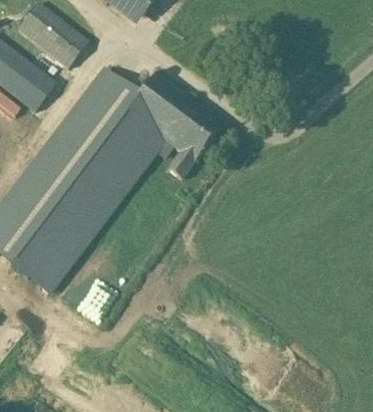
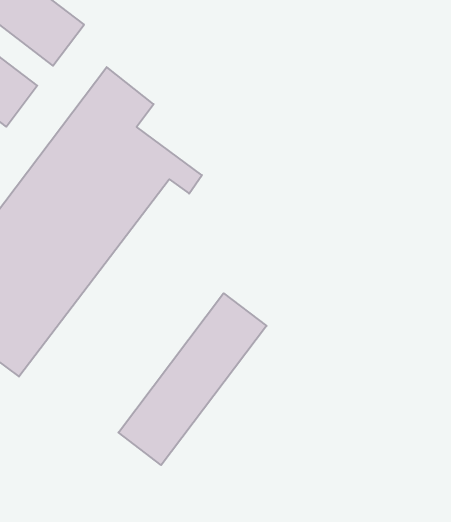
building: [126,74,222,180] -> none
building: none -> [118,293,267,465]

